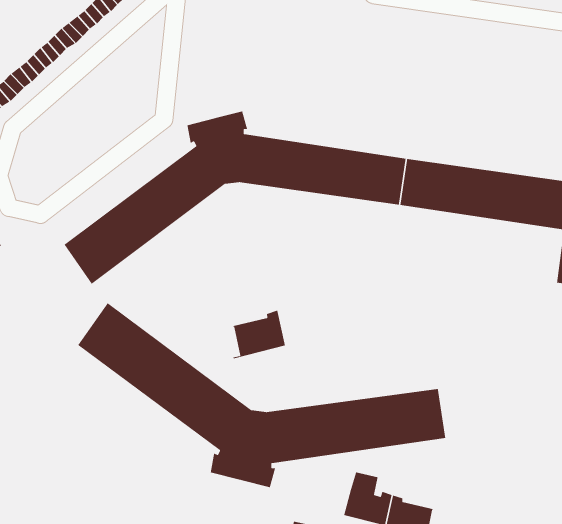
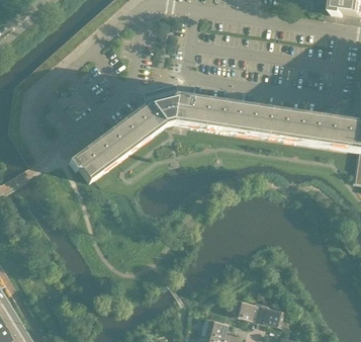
building: [77,302,446,488] -> none
building: [226,310,286,359] -> none

